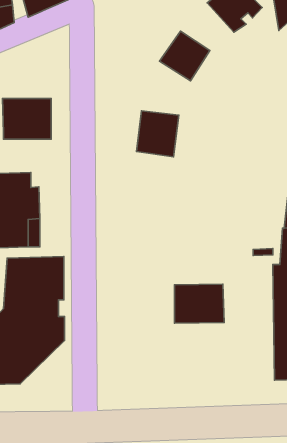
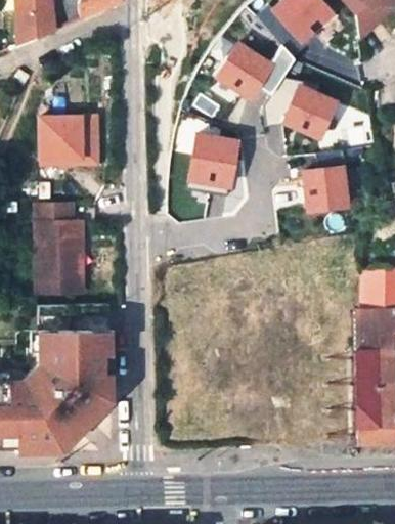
building: none -> [286,85,344,140]
building: none -> [305,167,355,216]
building: [174,284,224,323] -> none

